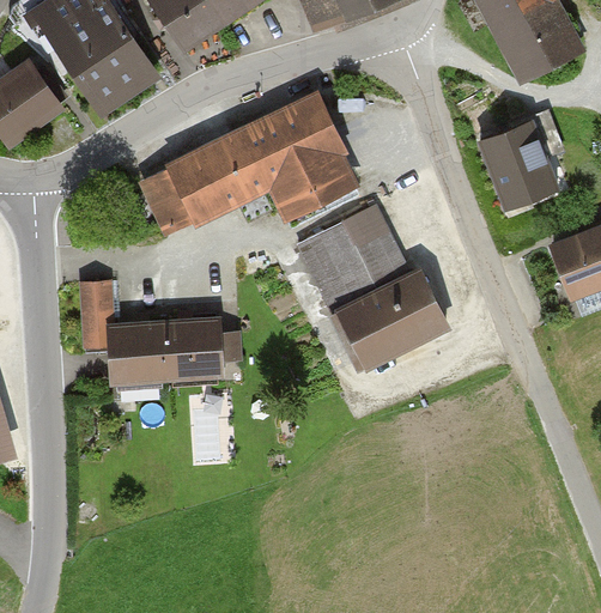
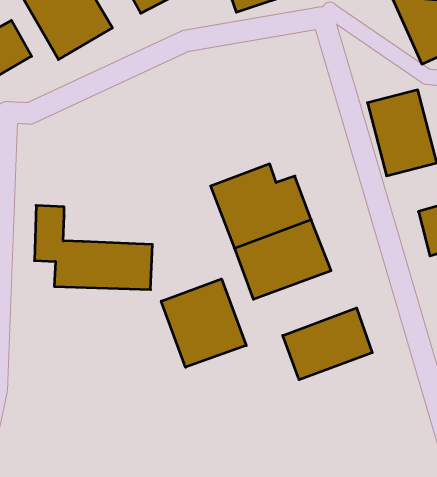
building: [148,95,366,230] -> none
building: none -> [161,279,246,367]
building: none -> [283,308,372,380]

